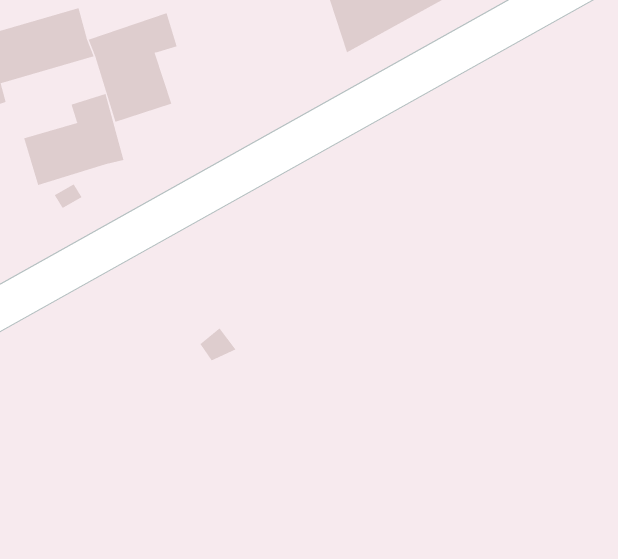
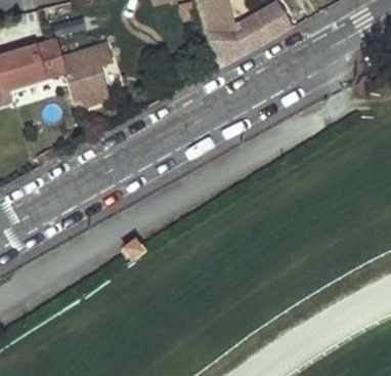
building: [23,93,124,186] -> none

